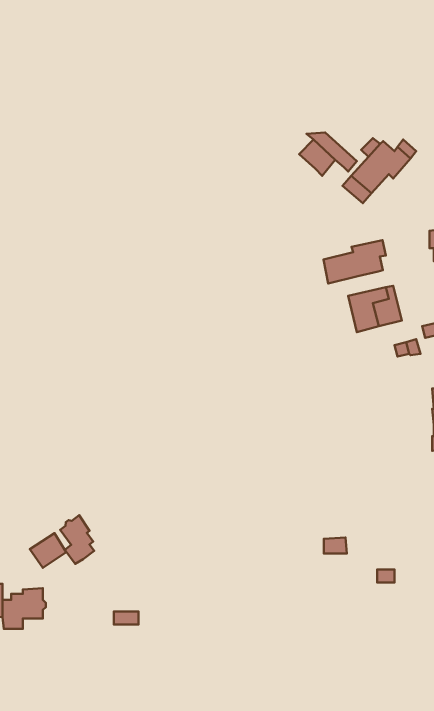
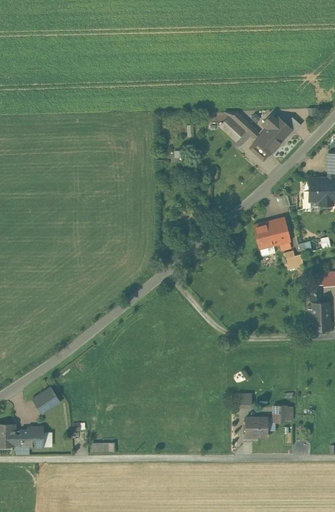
building: [323,240,386,283] -> none
building: [60,515,94,564] -> none
building: none -> [244,417,267,436]

